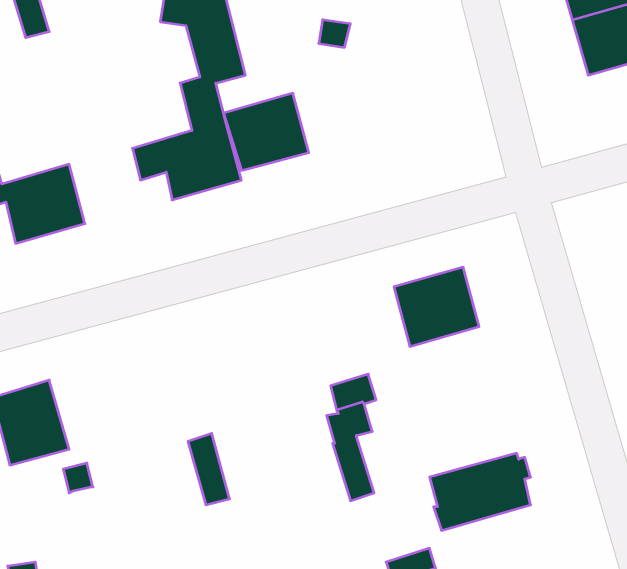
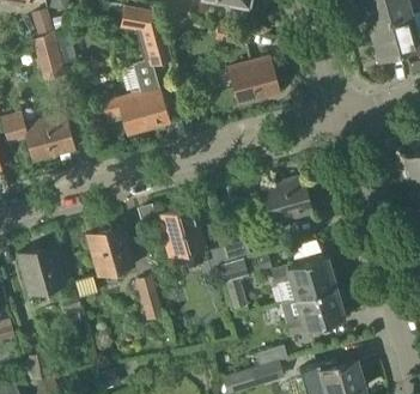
building: none -> [32,34,65,80]
building: [224,93,309,170] -> [227,57,279,104]
building: none -> [157,206,205,257]
building: none -> [86,225,134,277]
building: none -> [272,256,337,303]

